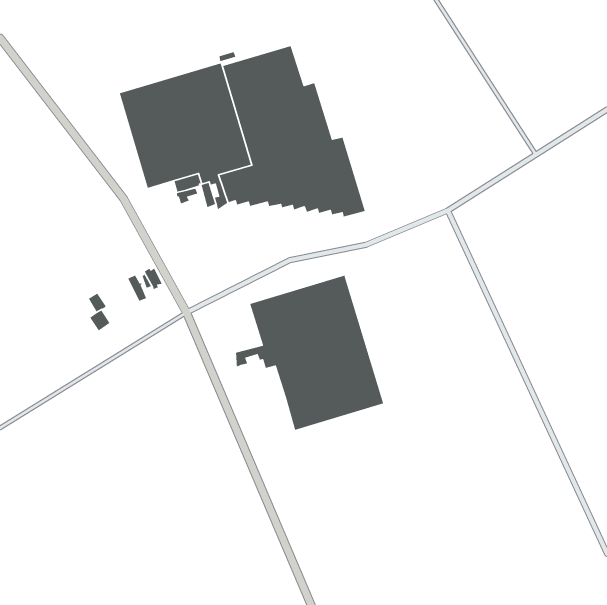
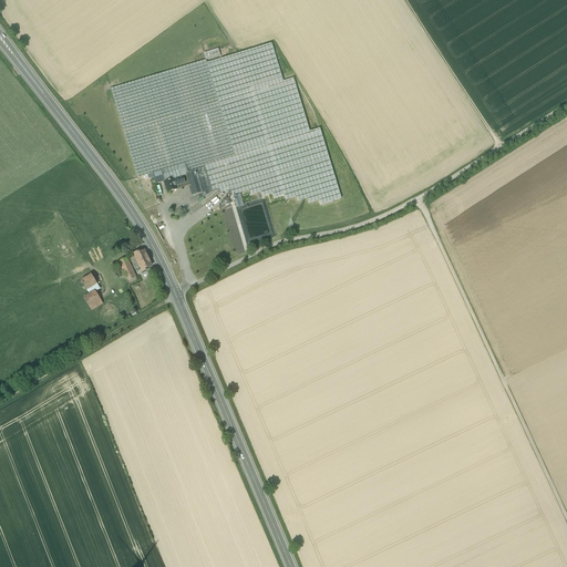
building: [235,275,384,431] -> none

